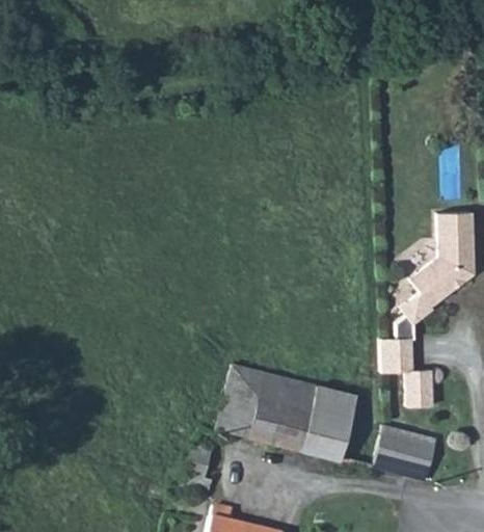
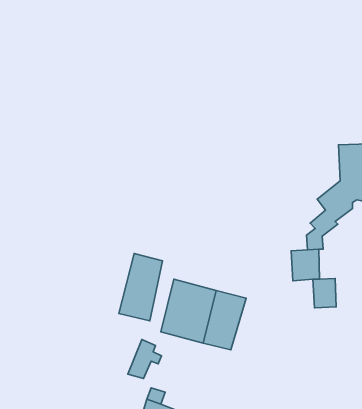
building: none -> [119,254,162,321]
building: [305,389,362,460] -> none
building: [377,427,442,482] -> none

